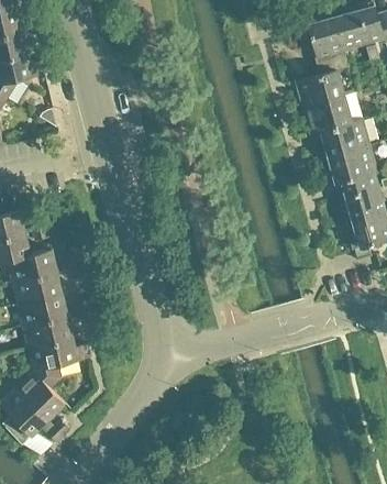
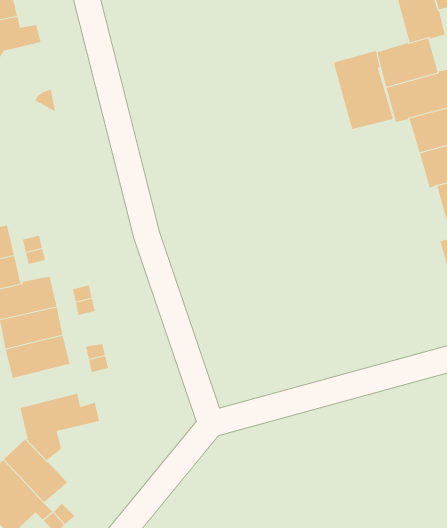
building: none -> [333,50,394,130]
building: [24,315,74,348] -> none

